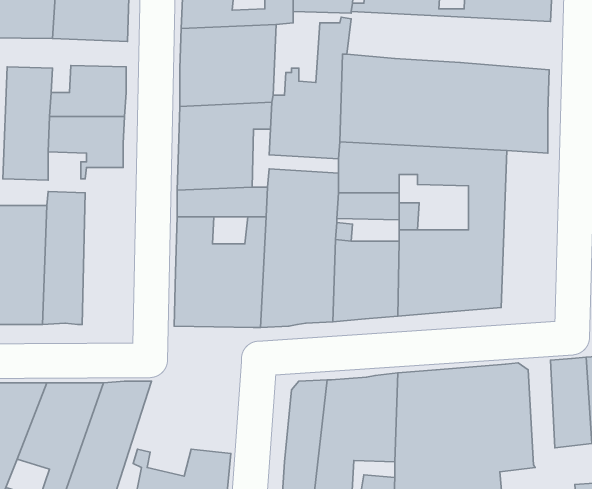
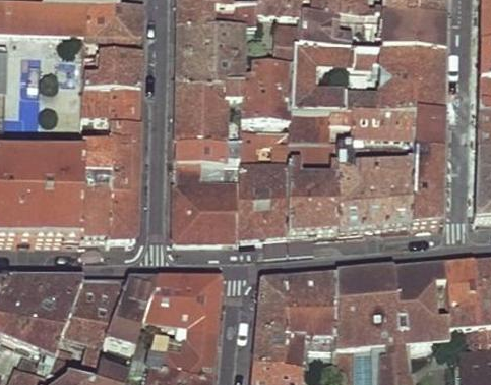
building: none -> [299,12,445,54]
building: none -> [410,112,443,225]
building: none -> [109,124,138,237]
building: none -> [422,263,449,338]
building: none -> [144,278,220,330]

